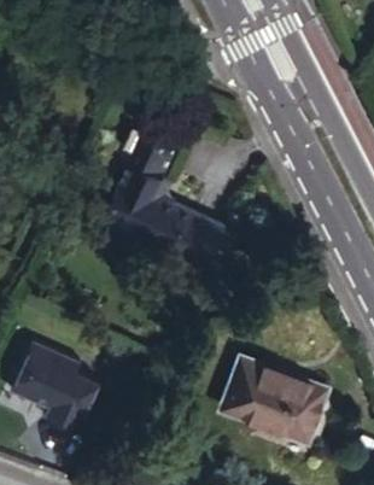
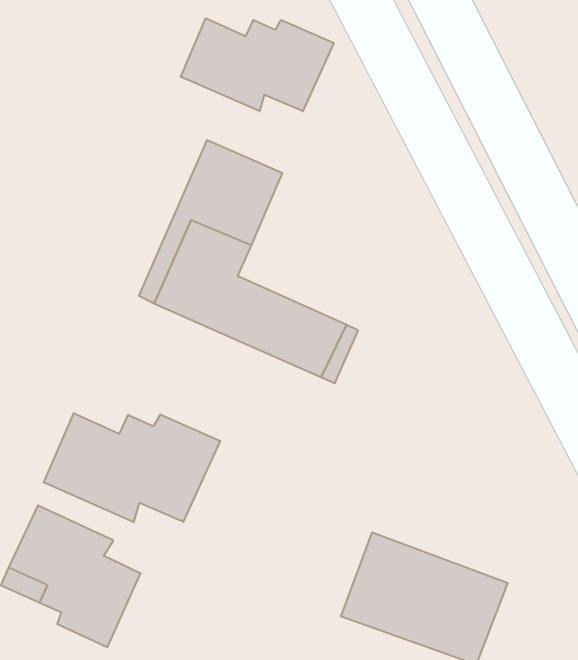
building: none -> [181,18,334,111]
building: none -> [44,413,220,522]

